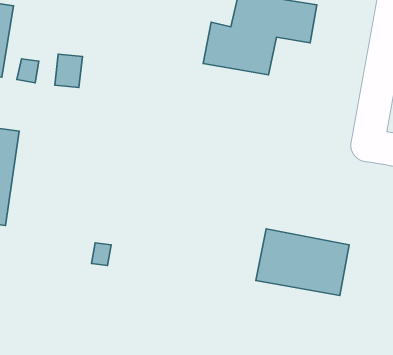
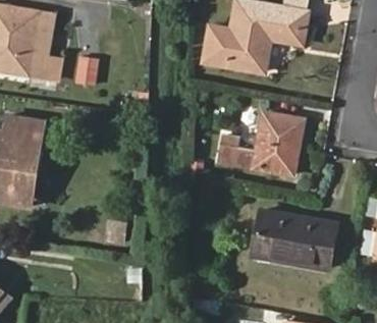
building: none -> [220,114,302,175]

